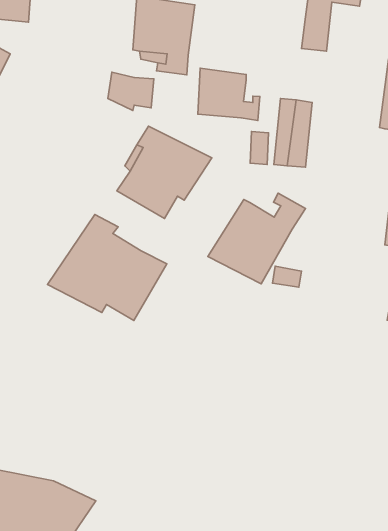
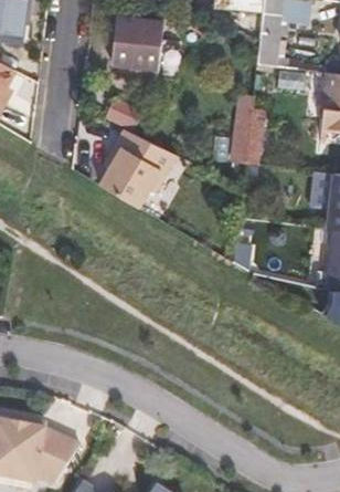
building: [198,68,260,120] -> none
building: [208,193,305,284] -> none
building: [47,214,167,320] -> none

